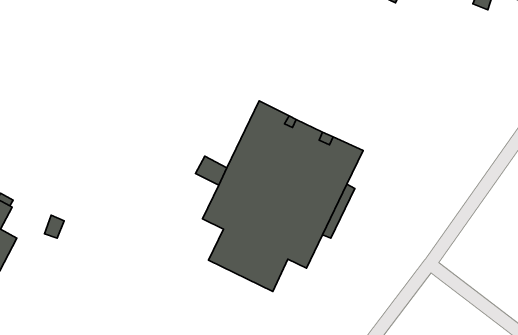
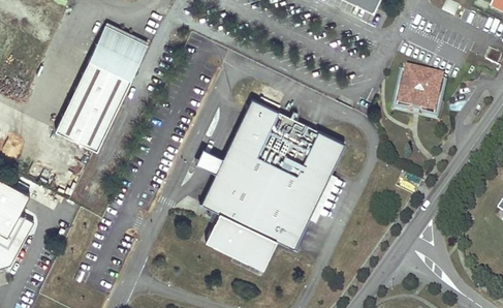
building: none -> [54,22,146,146]
building: none -> [392,64,447,119]

